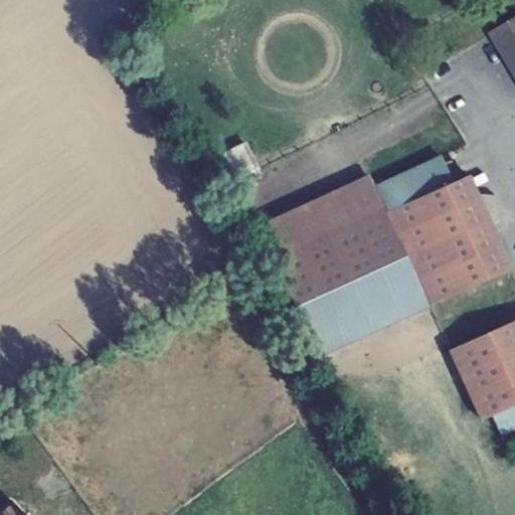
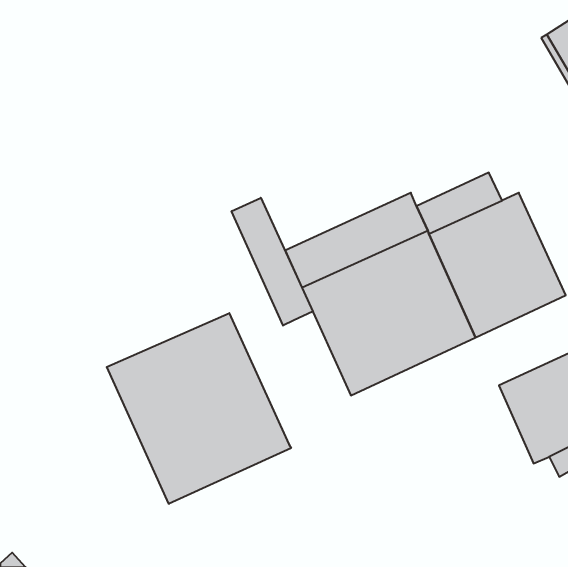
building: none -> [232,198,313,326]
building: none -> [107,313,291,504]

